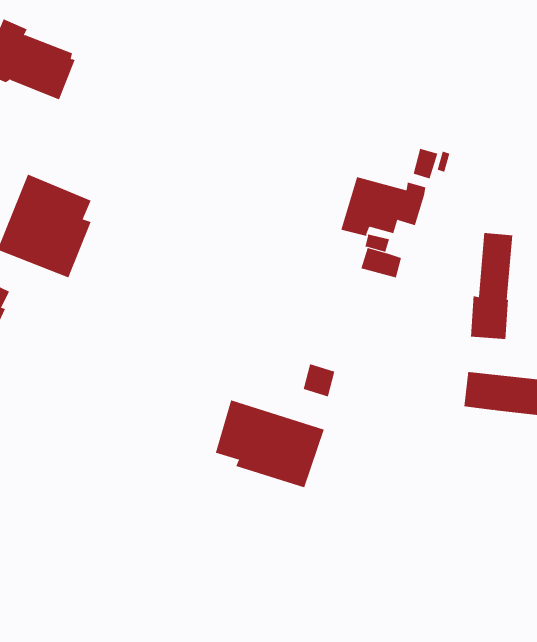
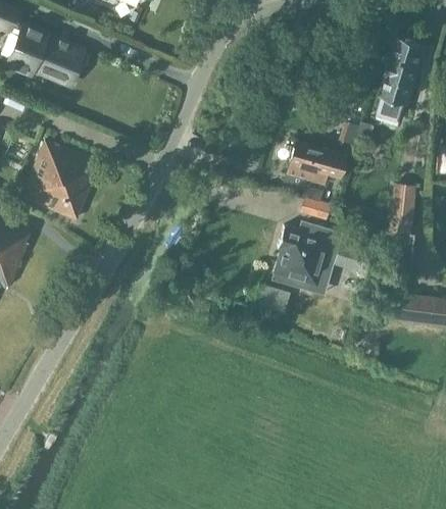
building: none -> [377,41,425,121]
building: none -> [274,225,371,289]
building: [215,400,324,488] -> none

